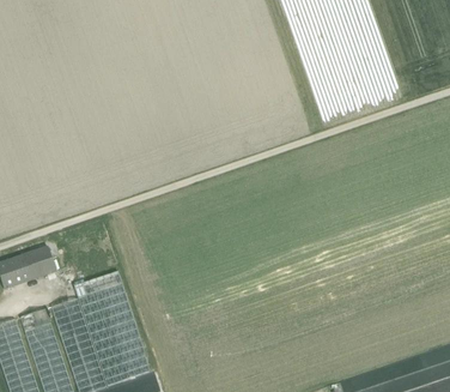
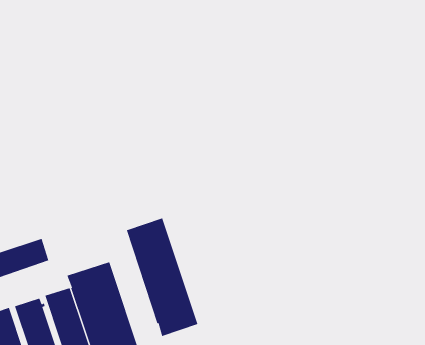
building: none -> [126,217,198,337]

